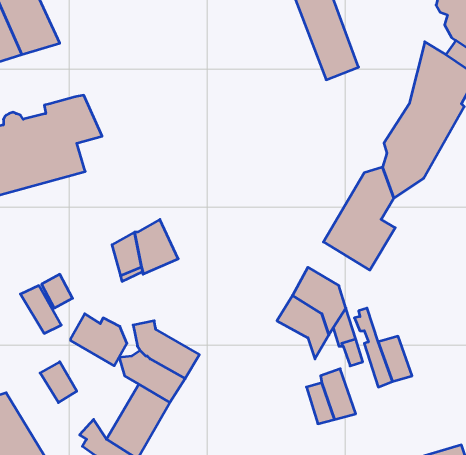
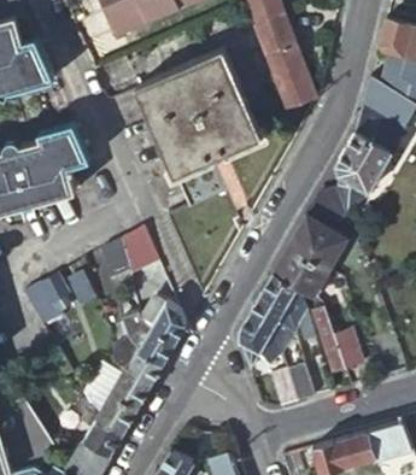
building: none -> [136,54,259,212]
building: none -> [269,250,322,295]
building: [71,314,127,366] -> [139,301,187,346]
building: none -> [236,317,275,370]

